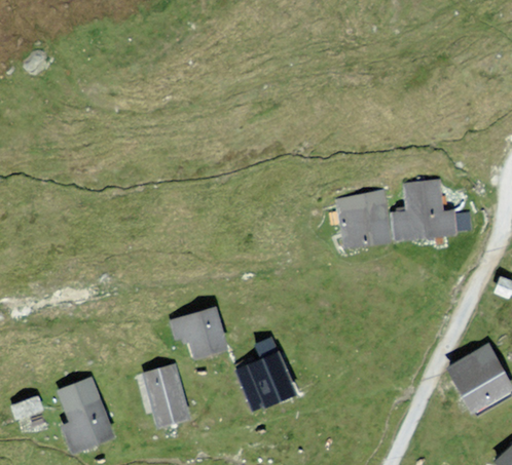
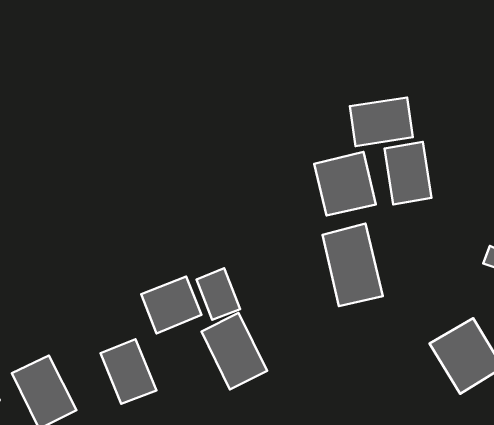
building: none -> [350,97,413,146]
building: none -> [322,224,383,306]
building: none -> [197,268,240,320]

